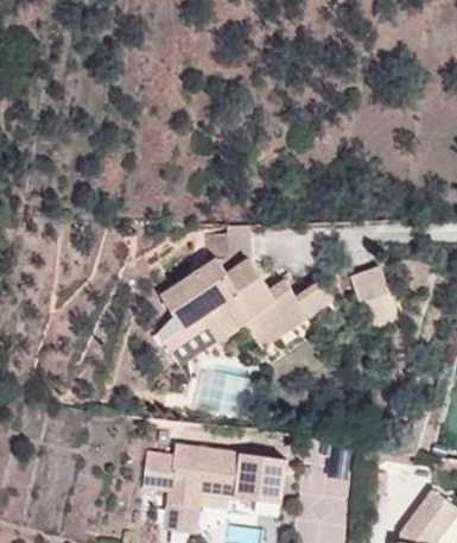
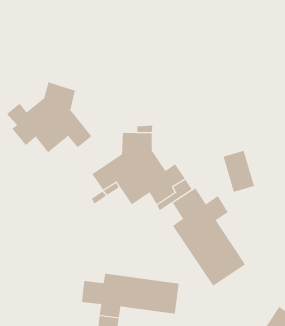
building: none -> [6,81,92,153]
building: none -> [172,188,246,287]

